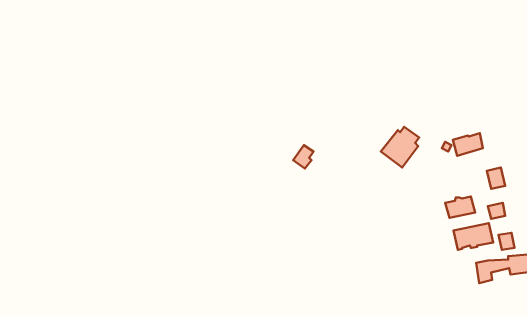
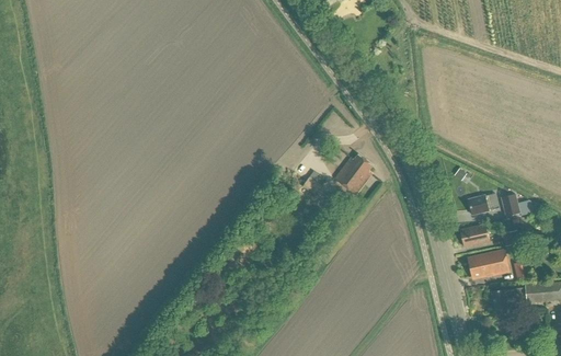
building: [381,127,419,167] -> [333,153,373,195]
building: [453,133,483,156] -> [468,192,499,215]

